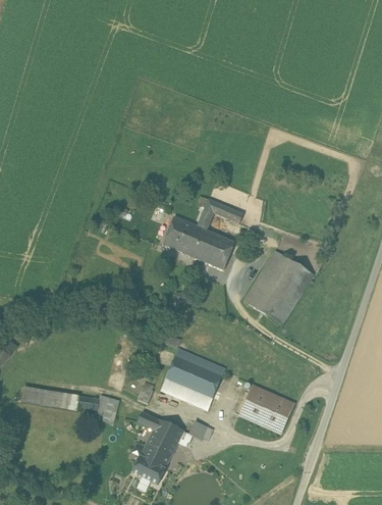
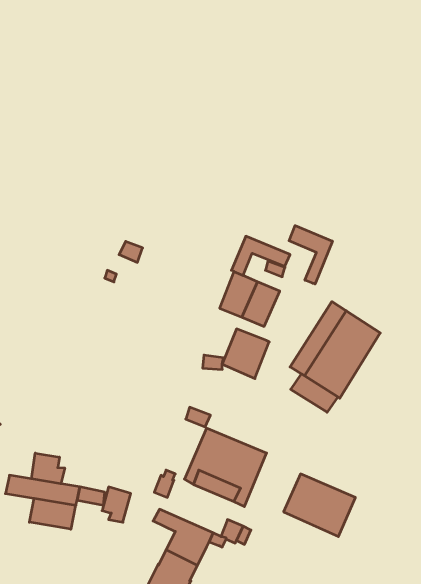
building: none -> [289,226,332,284]
building: [163,216,200,255] -> [222,329,269,379]
building: none -> [291,374,338,412]
building: none -> [31,453,65,484]
building: none -> [29,498,75,529]

